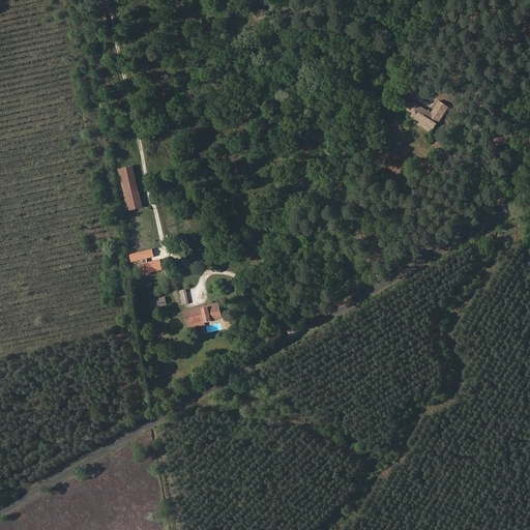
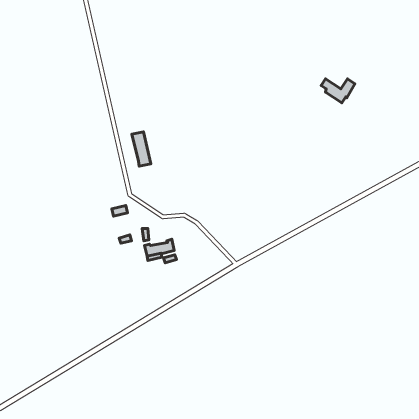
building: [117,166,141,209] -> [132,132,151,166]

